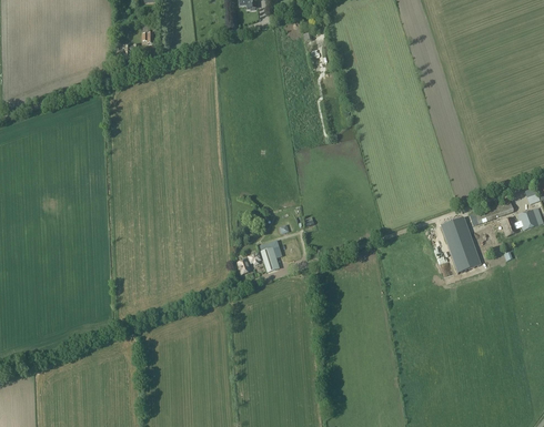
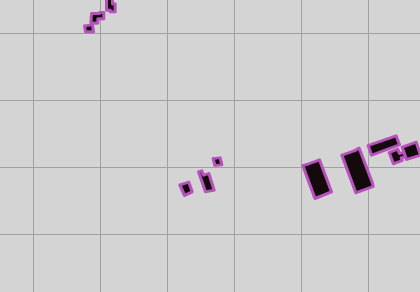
building: none -> [303,160,331,198]

